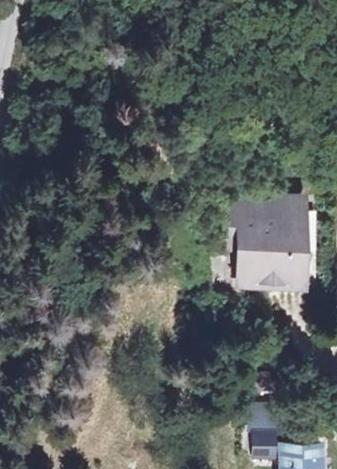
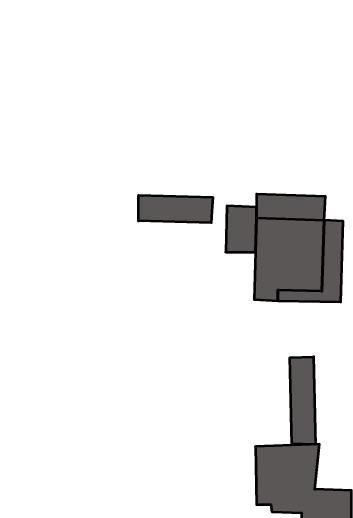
building: none -> [138,195,213,223]
building: none -> [290,357,315,444]

